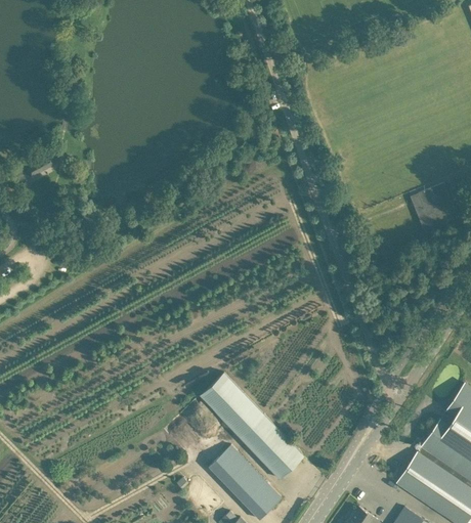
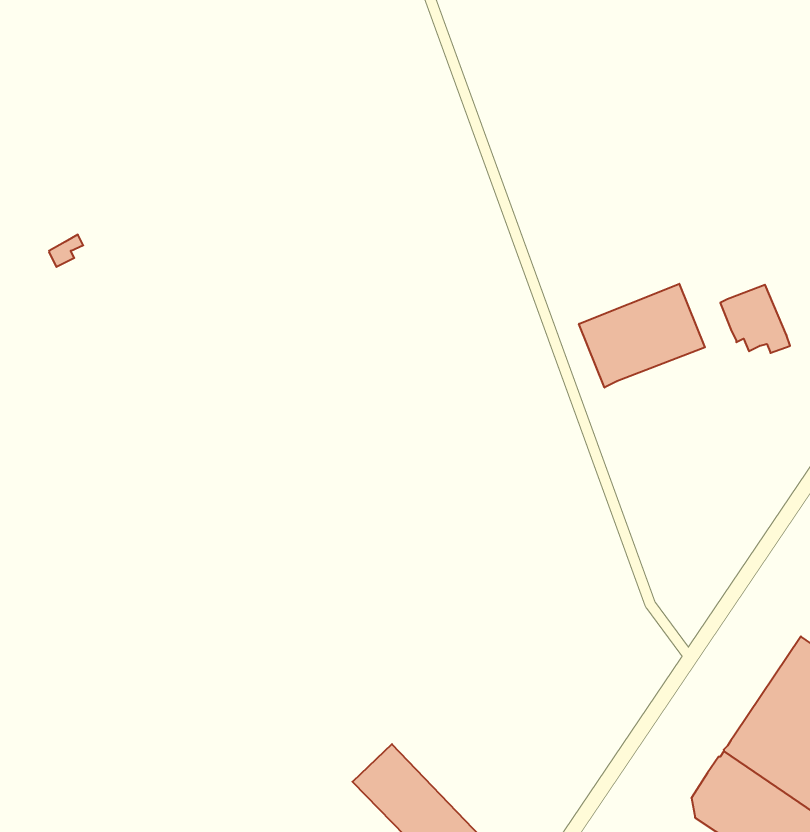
building: none -> [579,284,705,388]
building: [200,374,304,480] -> none

